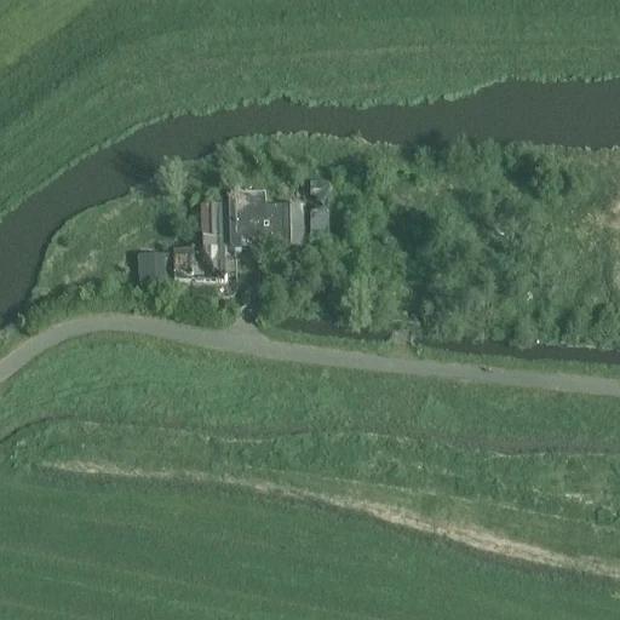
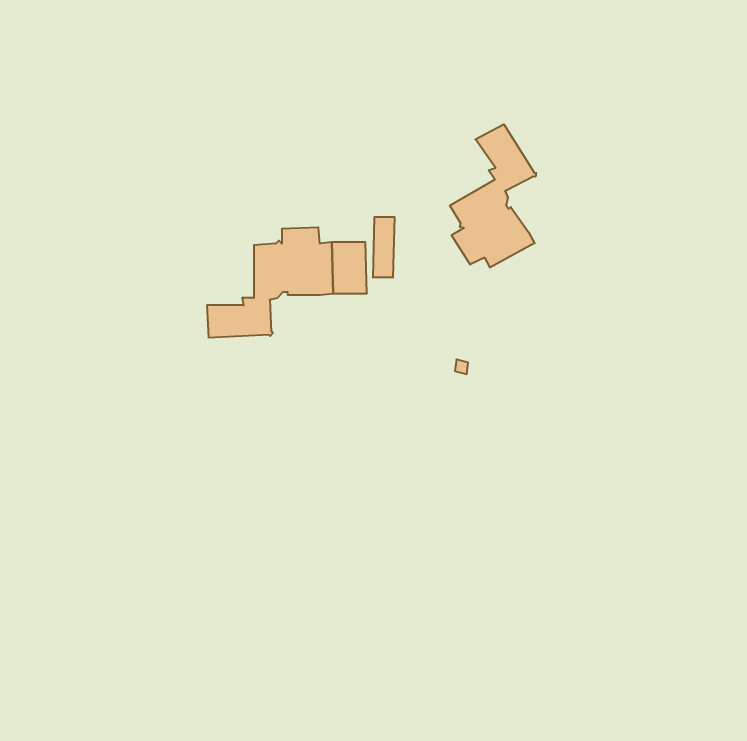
building: none -> [450,124,536,268]
building: [137,252,172,279] -> none

